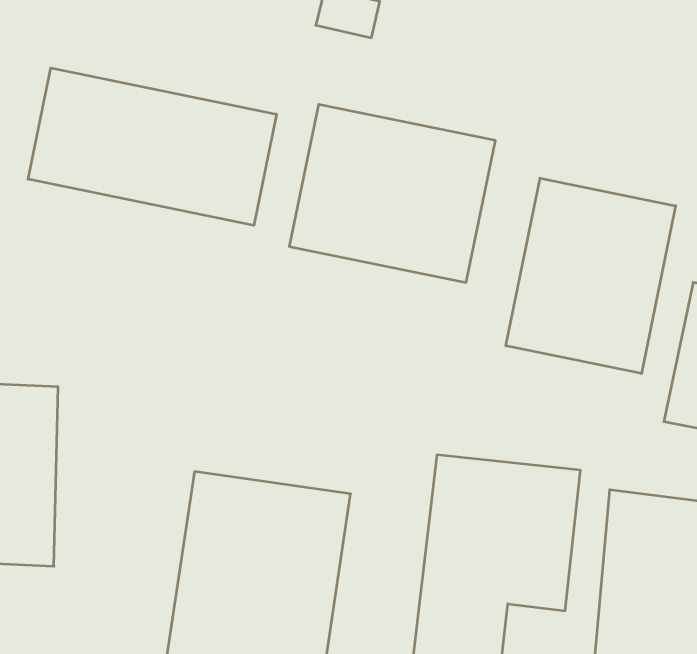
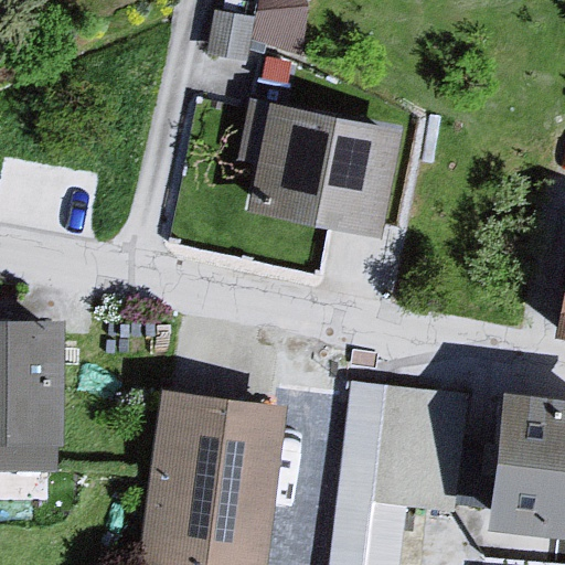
building: [28,68,276,225] -> none
building: [506,178,676,374] -> none

